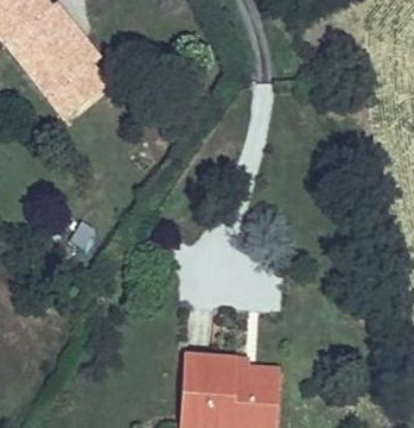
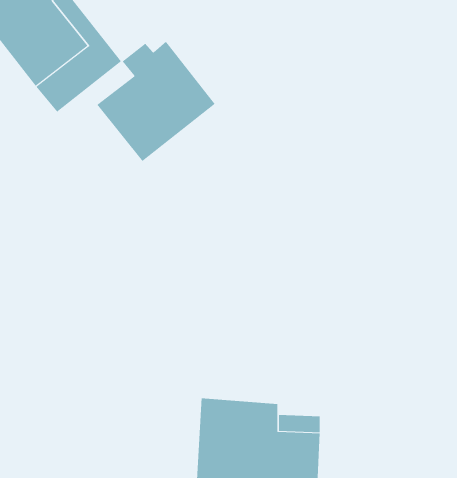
building: none -> [97,41,215,162]

